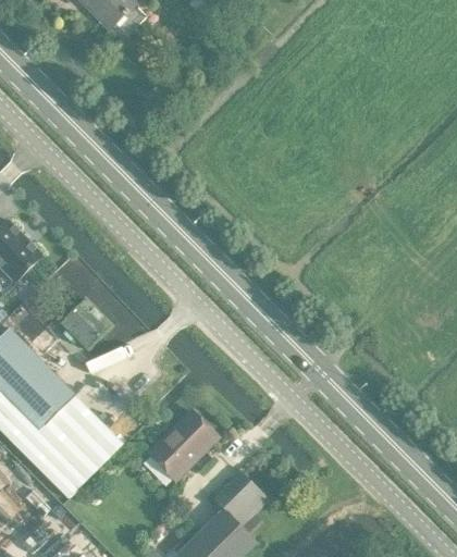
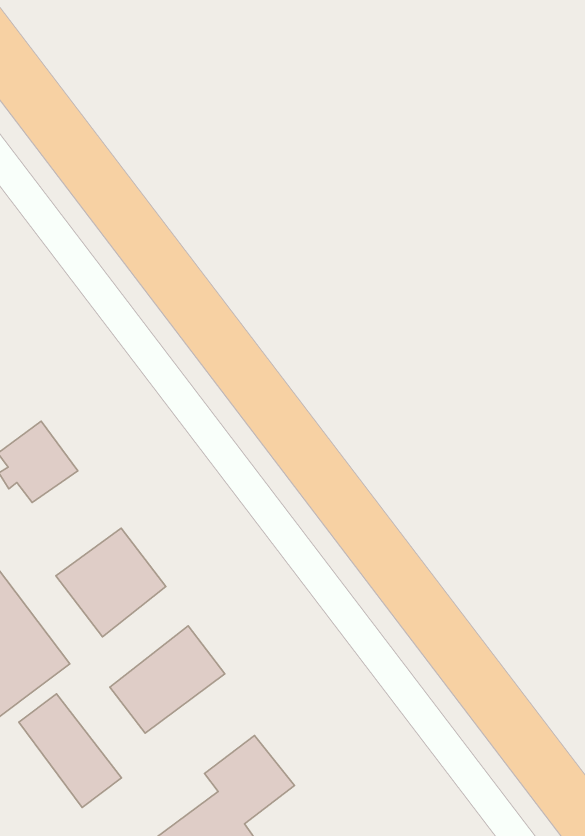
building: none -> [56,528,166,637]
building: none -> [19,694,122,808]

